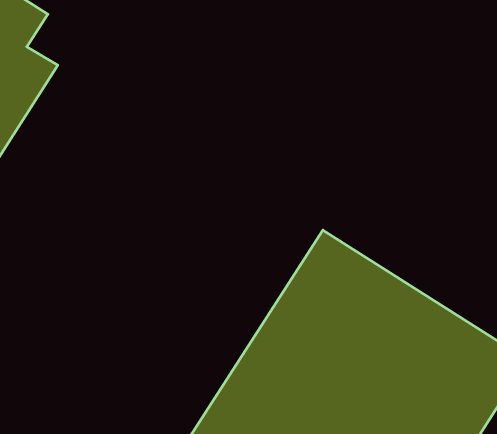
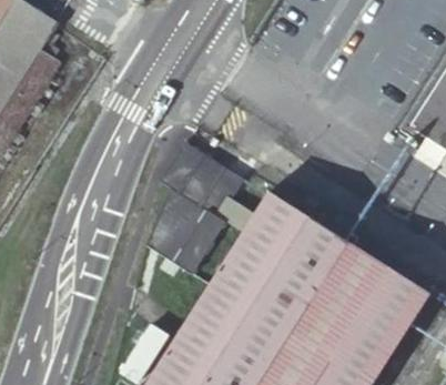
building: none -> [148,140,245,273]

